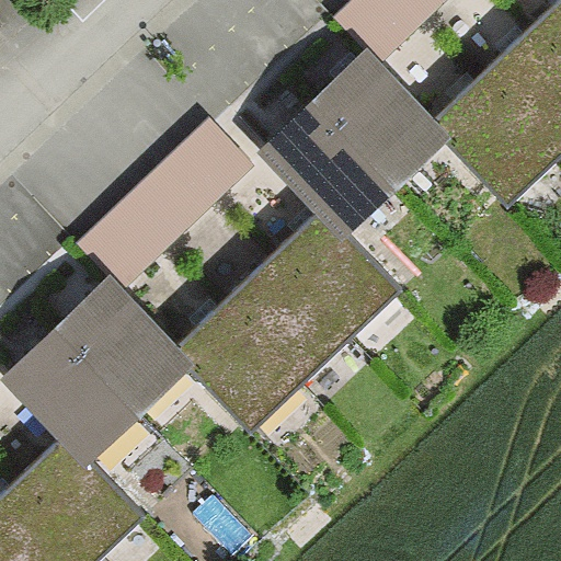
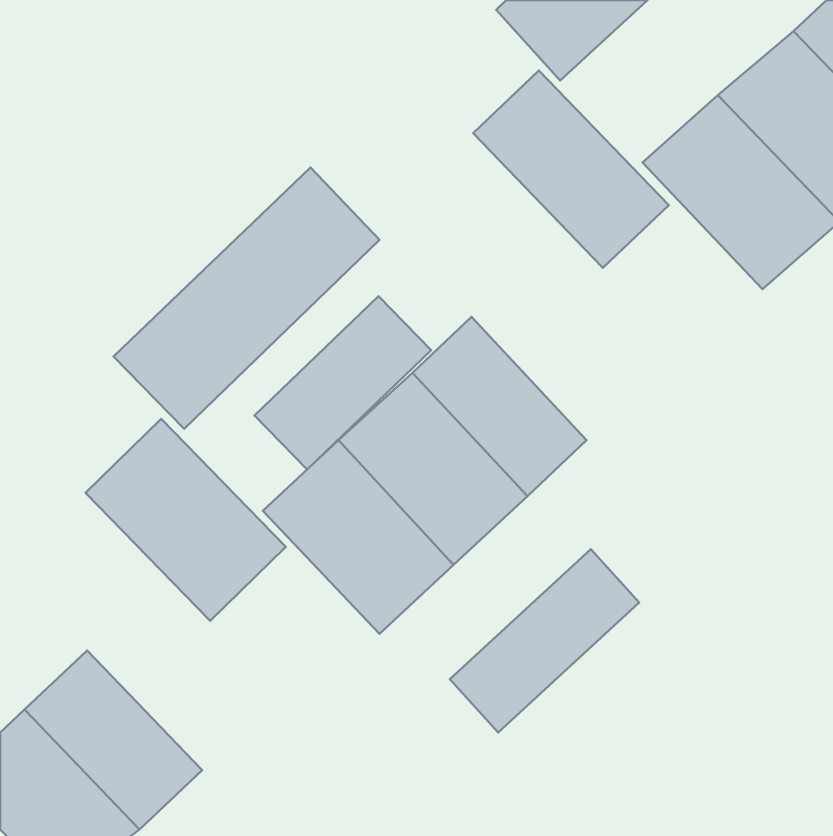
building: [259,91,407,240] -> none
building: none -> [255,296,431,469]
building: [10,331,145,467] -> none
building: none -> [450,549,639,732]

